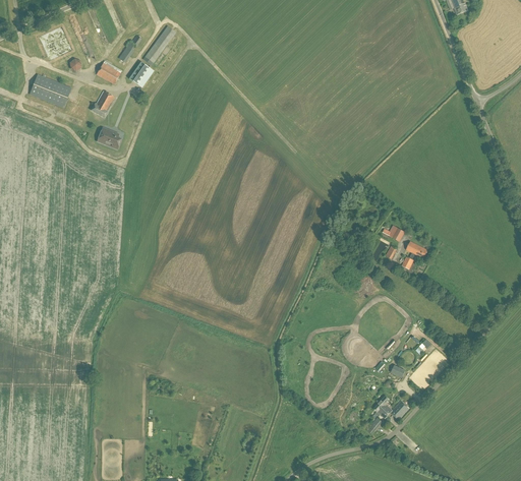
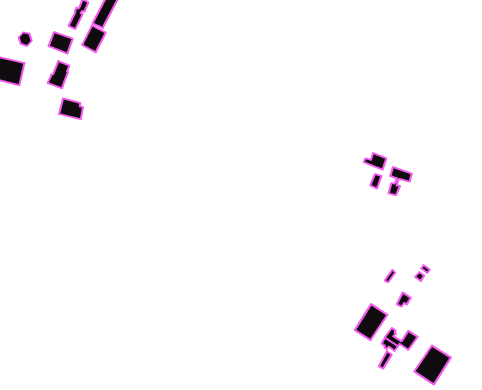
building: none -> [355,304,388,340]
building: none -> [414,345,451,385]

